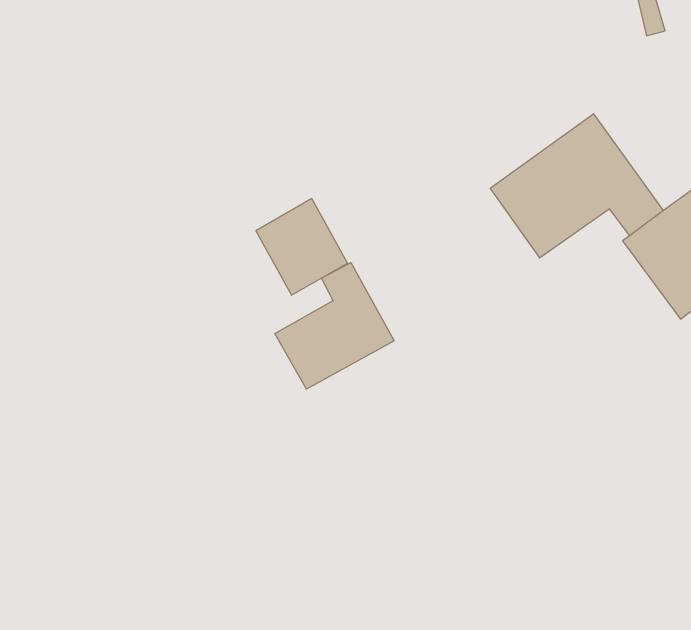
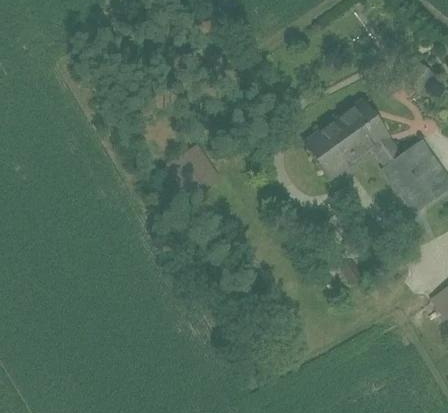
building: [275,263,394,389] -> none

